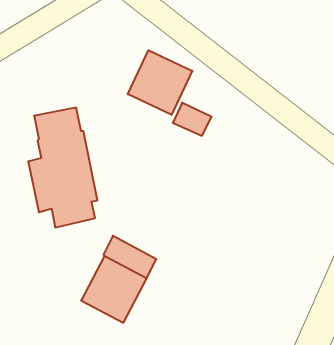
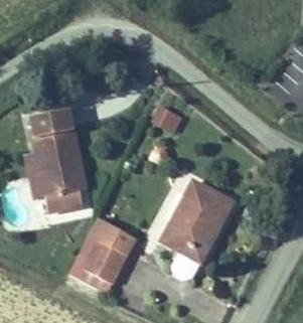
building: [128,50,192,115] -> none
building: none -> [161,181,233,262]

